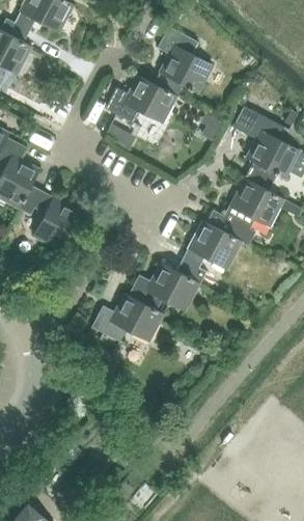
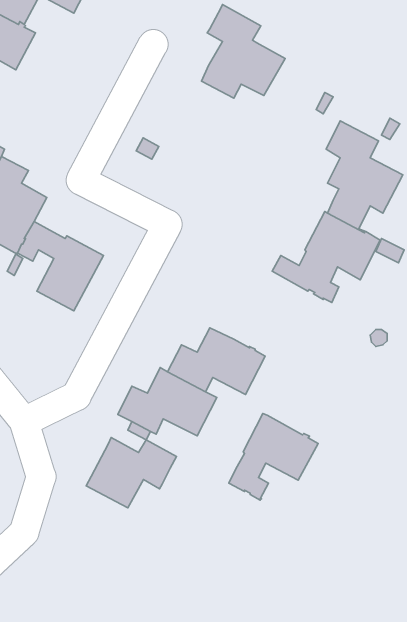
building: [105,75,176,125] -> none
building: [176,221,242,284] -> [229,414,318,500]
building: none -> [86,438,177,508]

